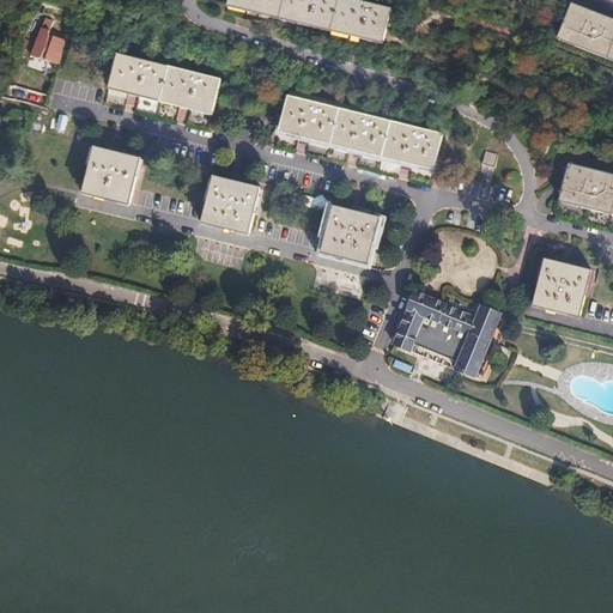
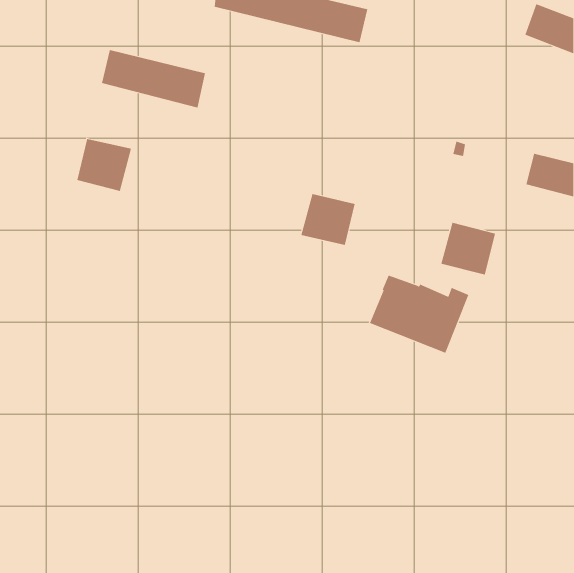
building: [30,25,66,62] -> none
building: [278,95,443,170] -> none
building: [201,176,259,232] -> none
building: [532,257,590,314] -> [441,222,496,275]

